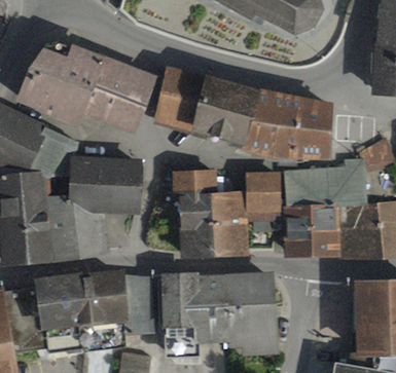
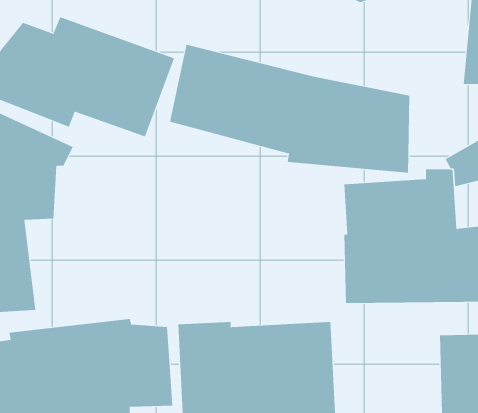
building: [47,156,144,263] -> none
building: [173,169,281,259] -> none

